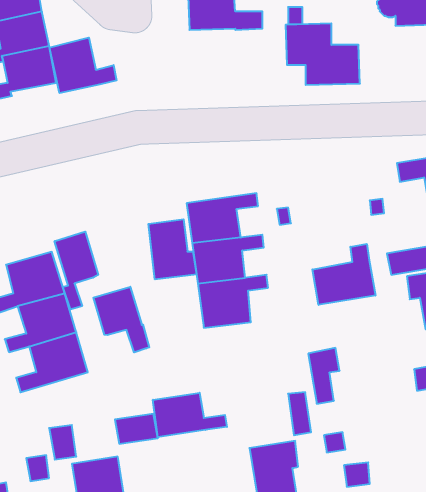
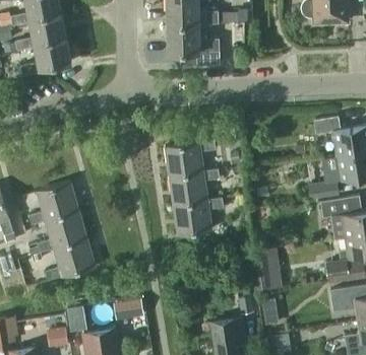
building: [286,23,360,85] -> [167,24,220,68]
building: [49,38,117,93] -> none
building: [148,219,197,279] -> none
building: [55,232,98,309] -> none
building: [312,244,375,305] -> none
building: [93,287,149,352] -> none
building: [153,393,227,437] -> none

